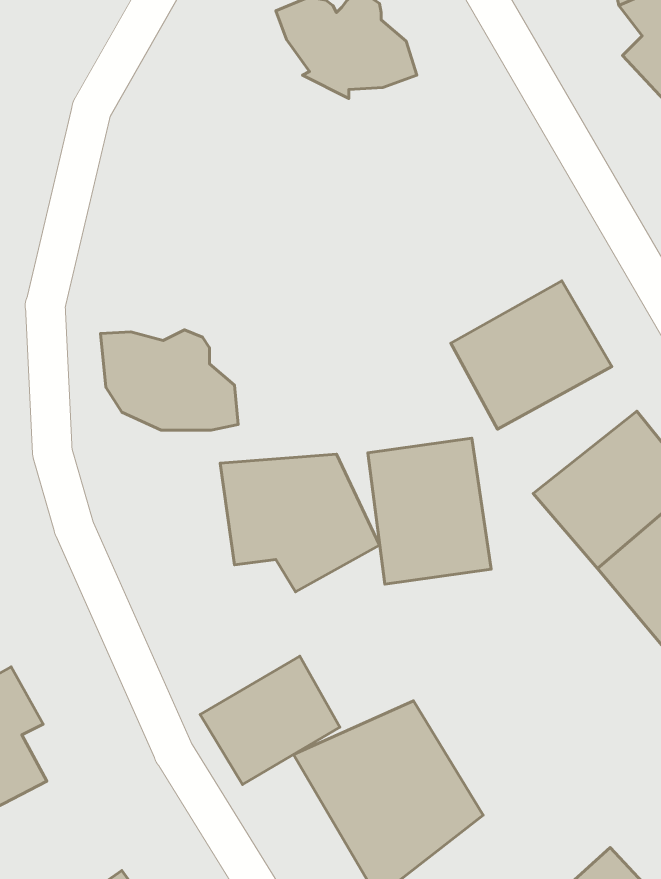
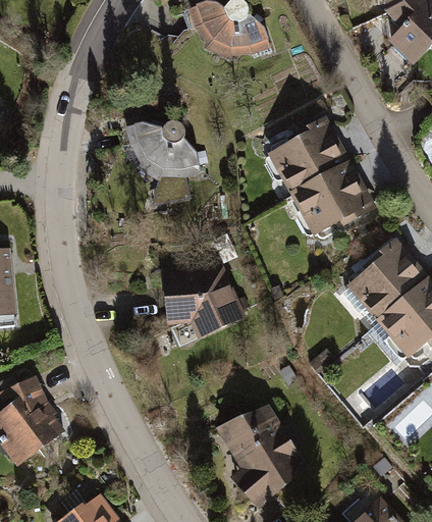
building: none -> [261,114,353,198]
building: [100,330,238,430] -> [122,118,201,175]
building: [368,438,491,584] -> none
building: [200,656,340,785] -> none

